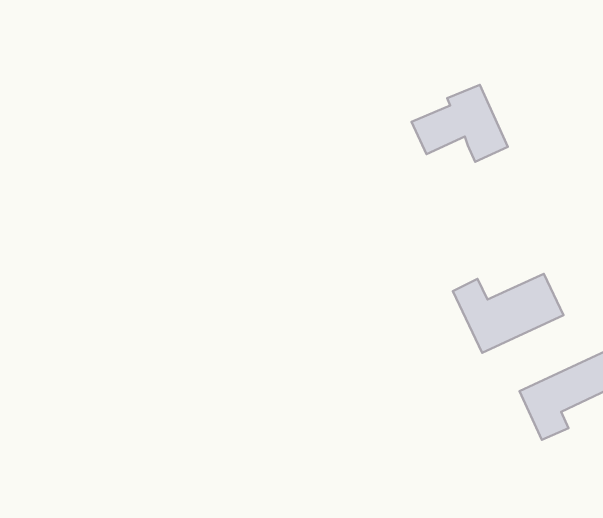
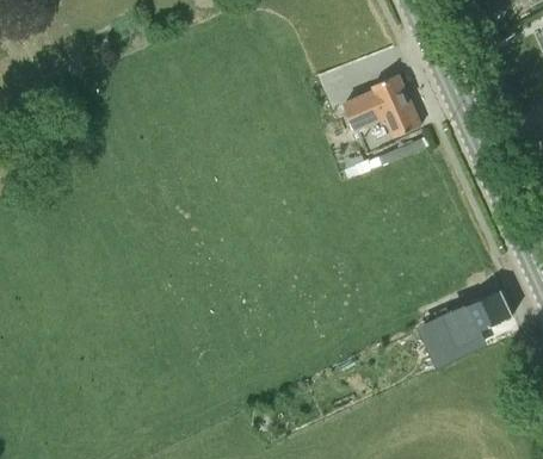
building: [453,274,563,353] -> none

